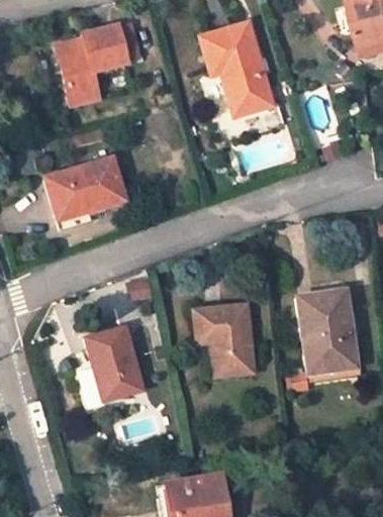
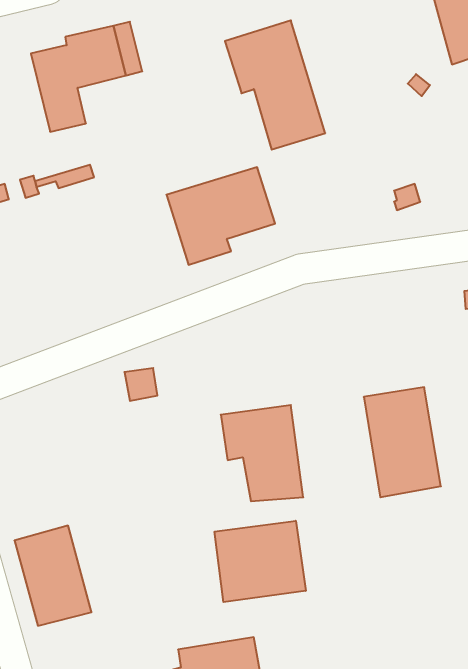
building: [43,159,123,230] -> [166,167,275,265]
building: [84,327,140,401] -> [14,526,92,626]
building: none -> [215,521,306,602]

